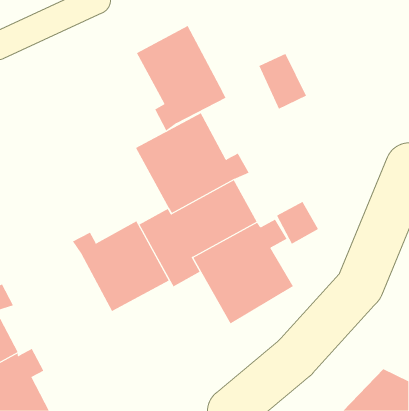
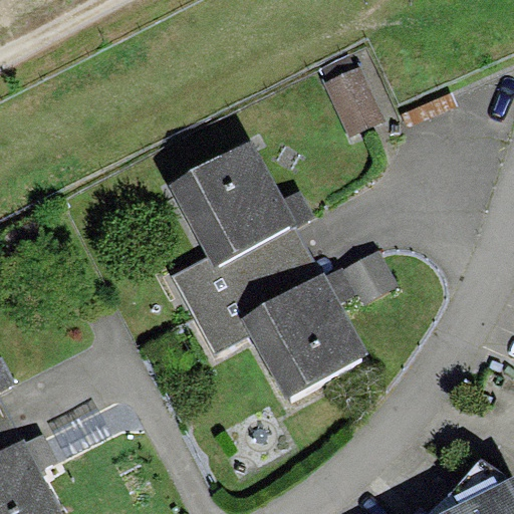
building: [136,25,226,131] -> none
building: [72,221,170,312] -> none

